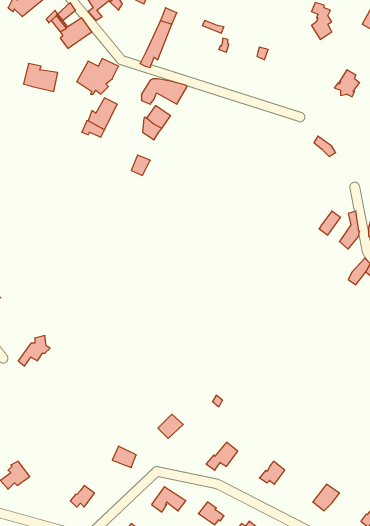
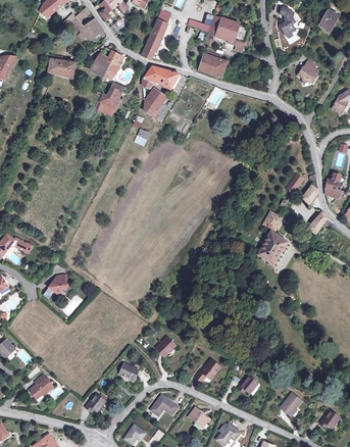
building: none -> [210,15,240,41]
building: none -> [199,53,227,77]
building: none -> [258,211,288,263]

